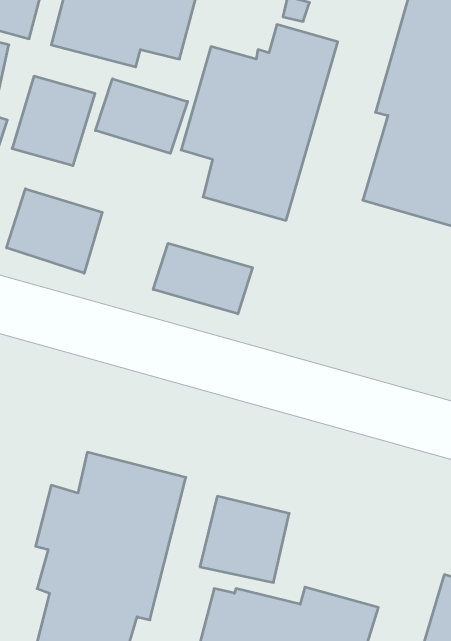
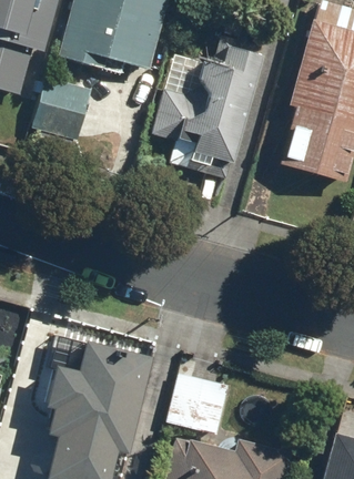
building: [95,79,188,153] -> none
building: [7,189,102,273] -> none
building: [153,243,253,314] -> none

